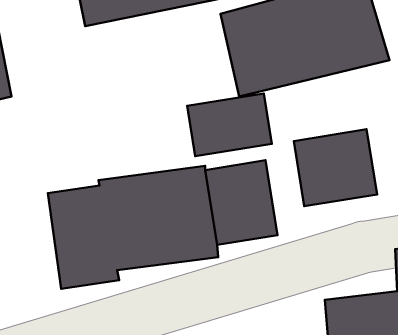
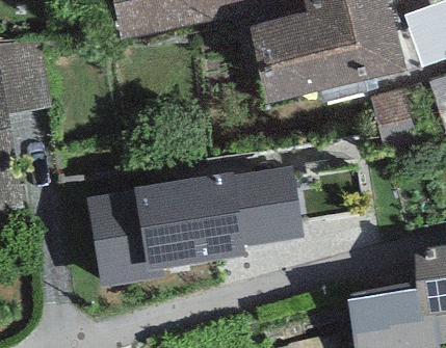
building: [187,93,272,156] -> none
building: [294,129,377,206] -> none

